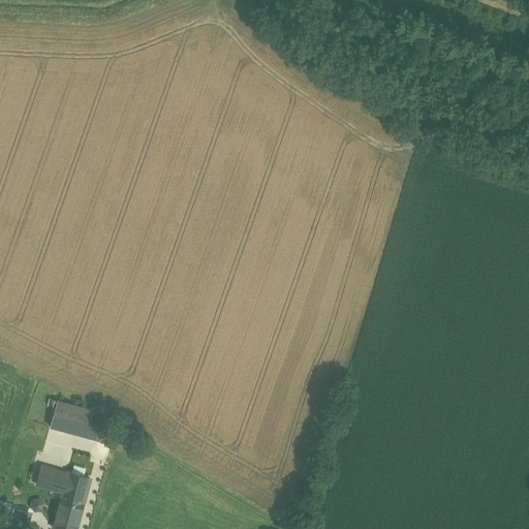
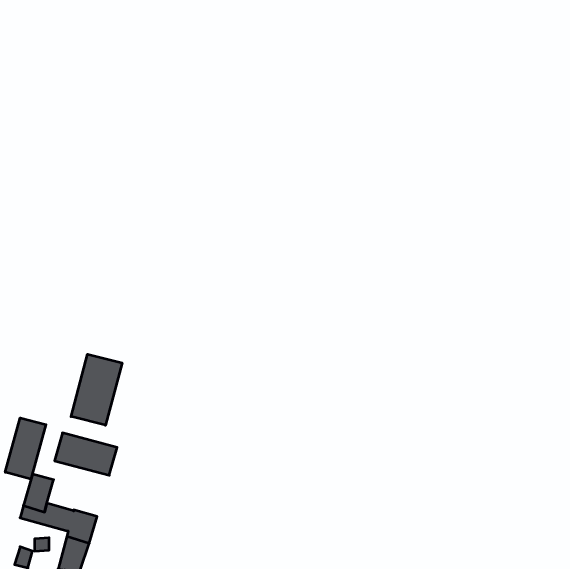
building: none -> [71,354,122,425]
building: none -> [5,418,46,479]

